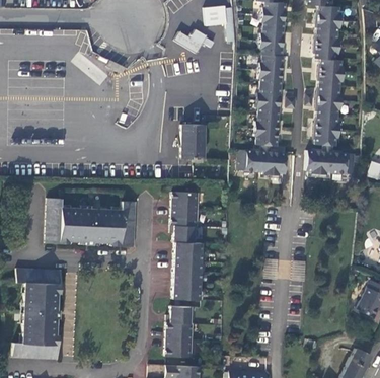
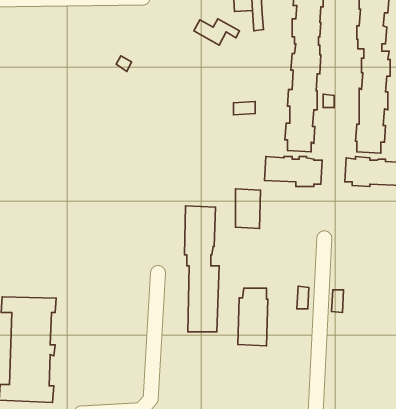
building: [181,124,203,157] -> [235,189,261,228]
building: [47,197,136,244] -> none
building: [165,305,191,354] -> [238,288,268,346]

